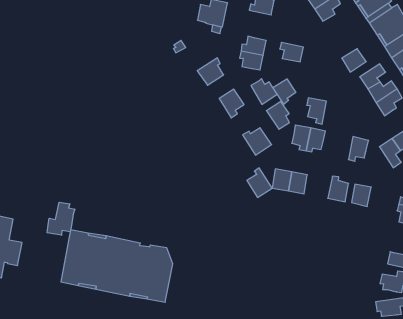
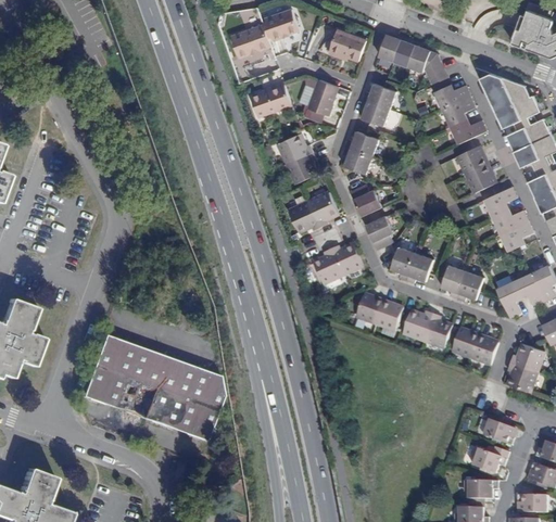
building: none -> [250,80,291,115]
building: none -> [451,118,486,142]
building: none -> [458,145,488,174]
building: [280,42,303,62] -> [359,98,389,125]
building: none -> [279,132,315,162]
building: [273,79,296,104] -> none
building: [307,98,326,124] -> [440,264,466,298]
building: none -> [289,200,320,230]
building: [247,168,272,197] -> [314,249,343,284]
building: none -> [403,313,433,342]
building: none -> [470,336,498,366]
building: [47,202,75,235] -> none

